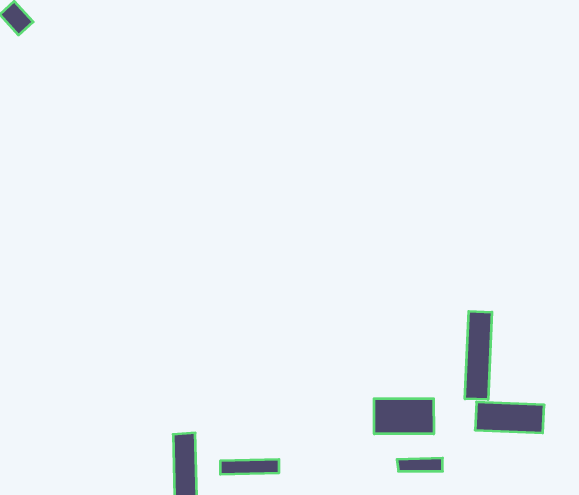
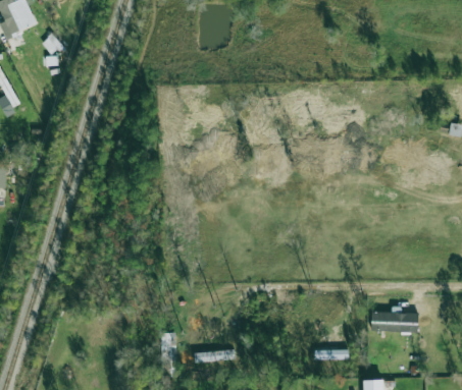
building: [465,311,492,400] -> none
building: [374,399,434,434] -> none

